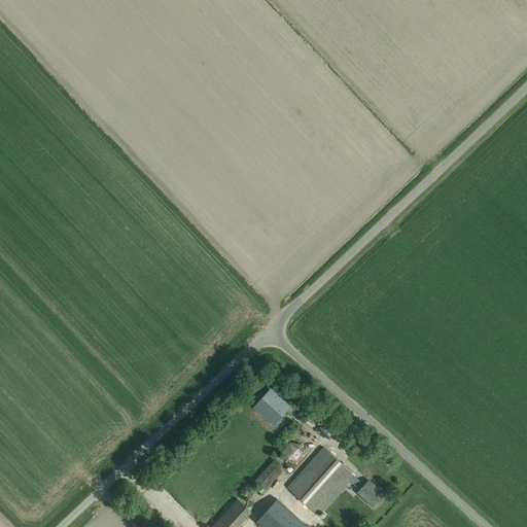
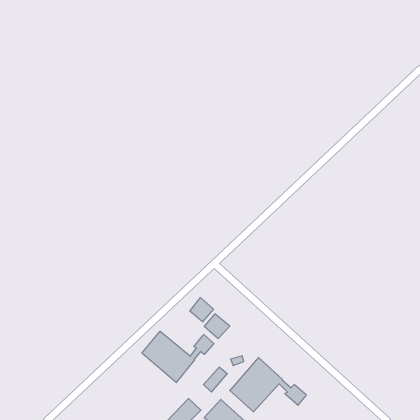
building: none -> [190,298,214,322]
building: none -> [142,331,214,383]

